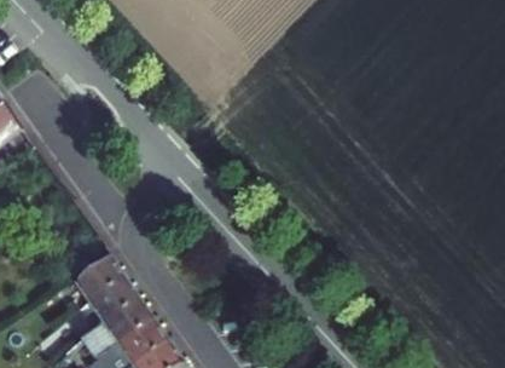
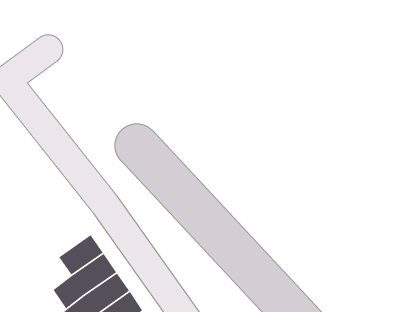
building: [74,254,126,301] -> none

